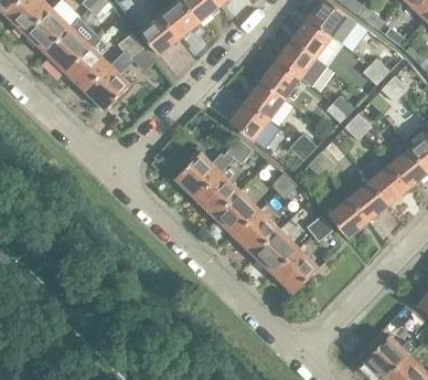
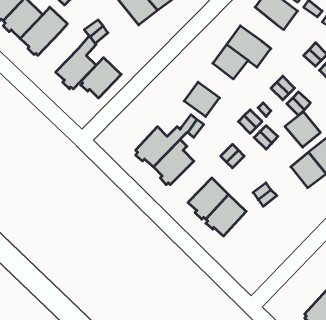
building: [140,15,179,55] -> none
building: [292,19,332,57] -> none
building: [66,46,111,92] -> [81,58,121,98]
building: [245,82,285,120] -> none
building: [214,191,260,238] -> none
building: [328,198,367,238] -> [285,112,320,147]
building: [274,247,319,294] -> none

